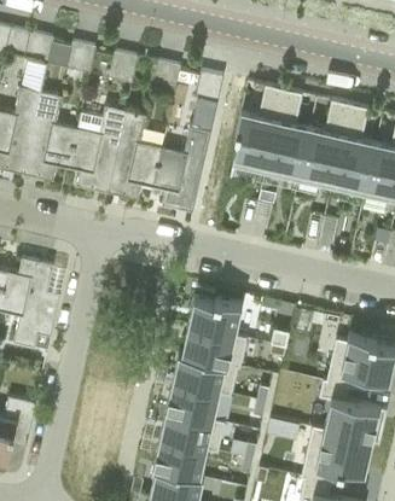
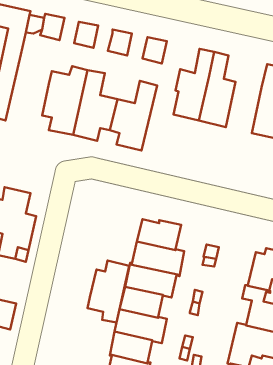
building: [22,93,76,181] -> none
building: [297,100,349,191] -> none
building: none -> [88,261,129,323]

